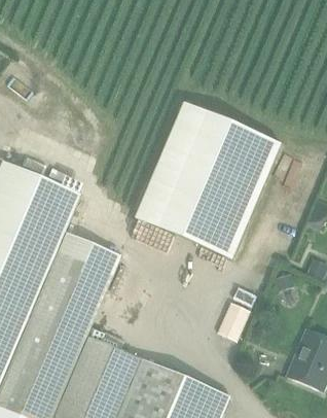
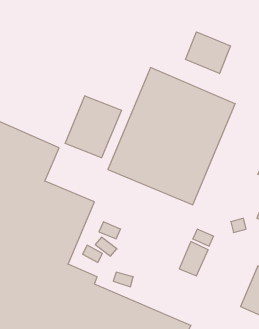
building: none -> [185,32,231,74]
building: none -> [65,96,121,158]

